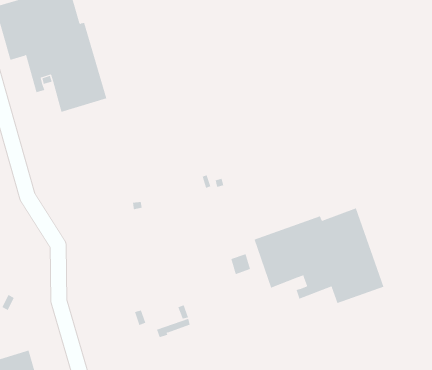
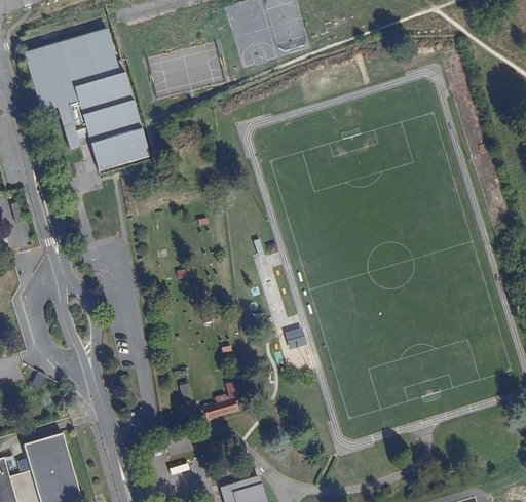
building: [254,208,384,304] -> none

